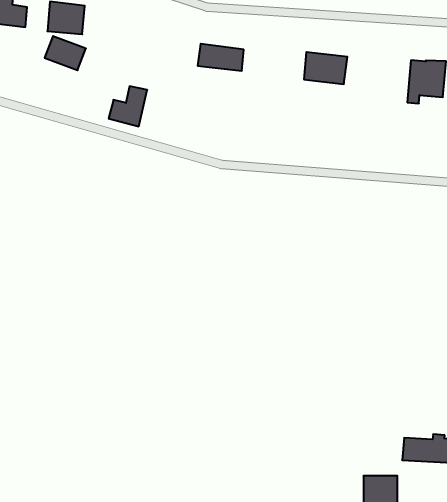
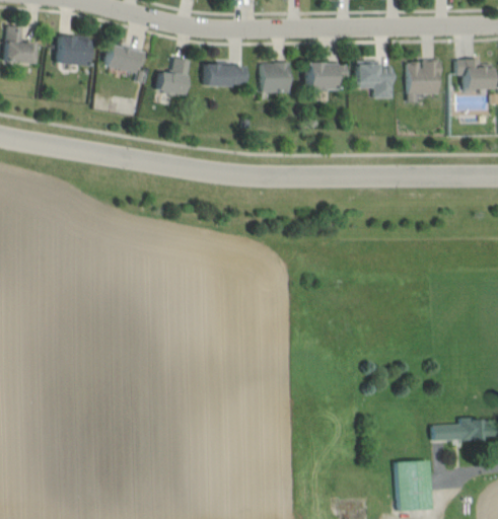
building: [45,36,86,70] -> [102,44,141,74]
building: none -> [260,63,289,92]
building: none -> [355,63,393,98]
building: [109,86,147,126] -> [155,58,190,95]

